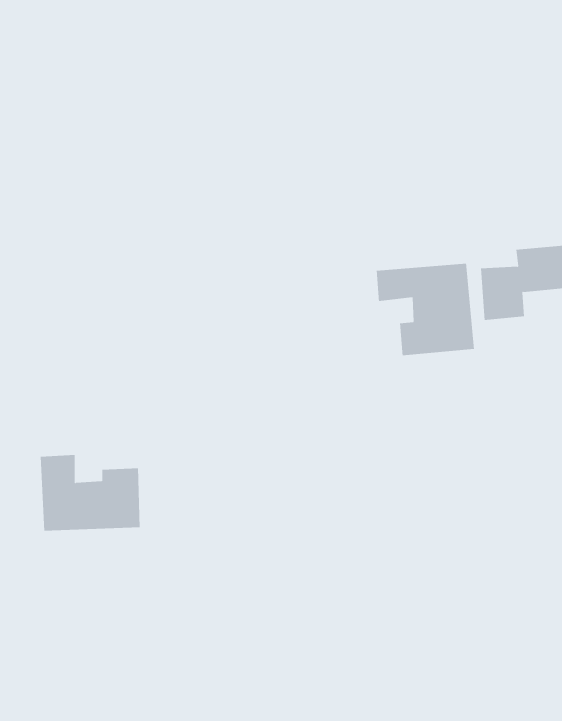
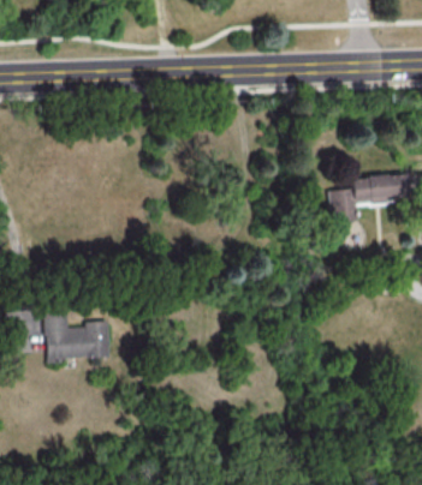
building: [376,263,474,356] -> none

